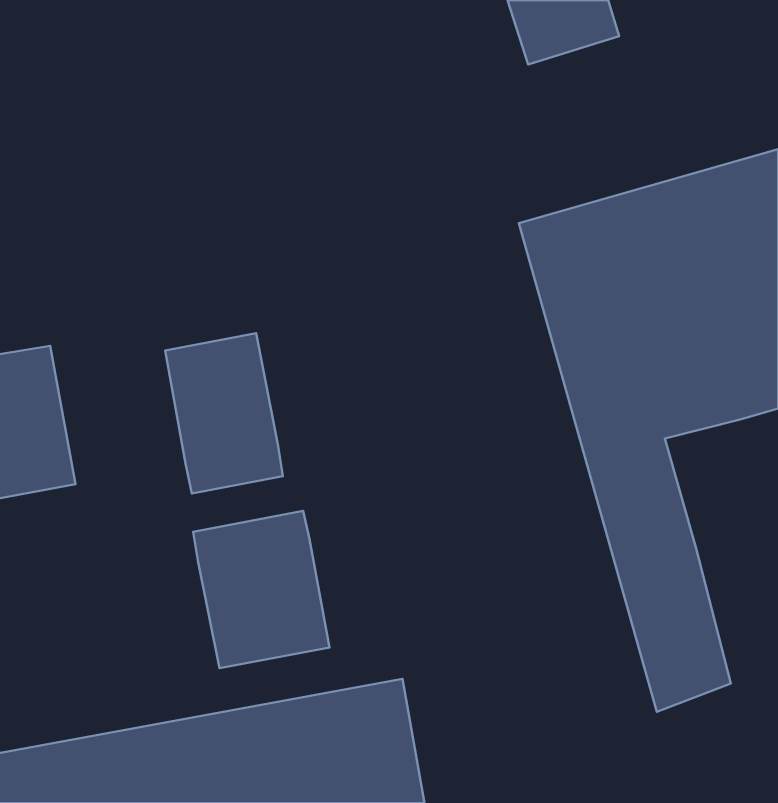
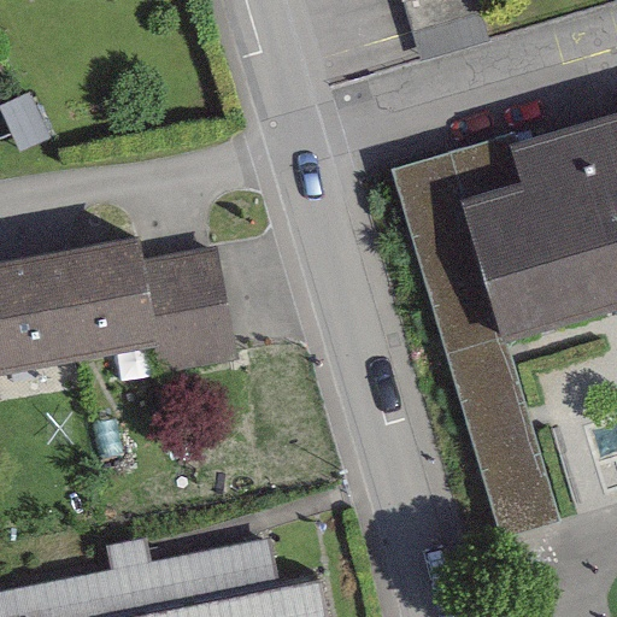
building: none -> [39,249,142,371]
building: [193,511,329,668] -> none

